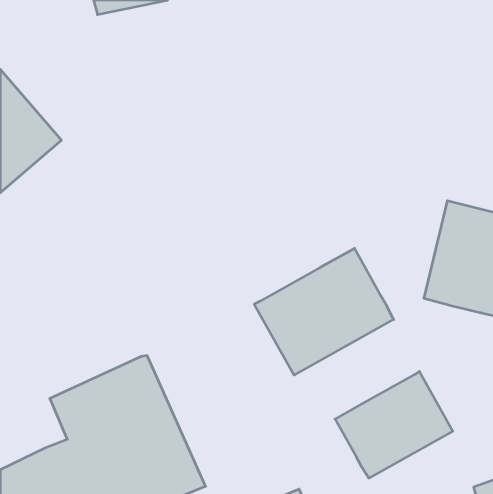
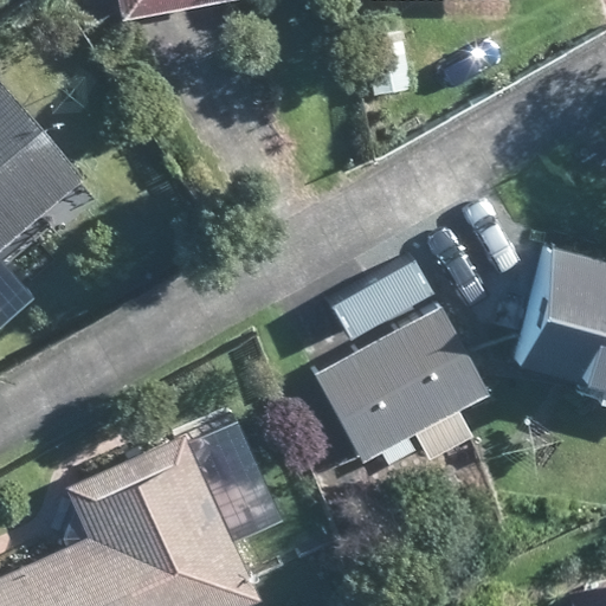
building: [335,371,453,478] -> none

